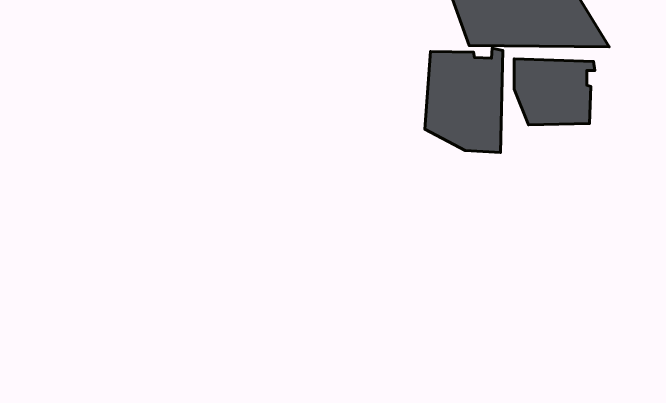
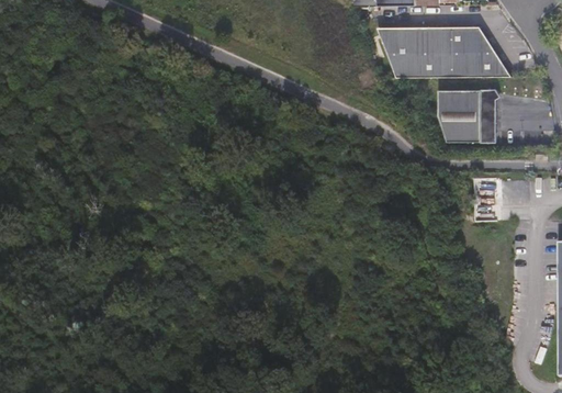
building: [425,48,503,152] -> none

